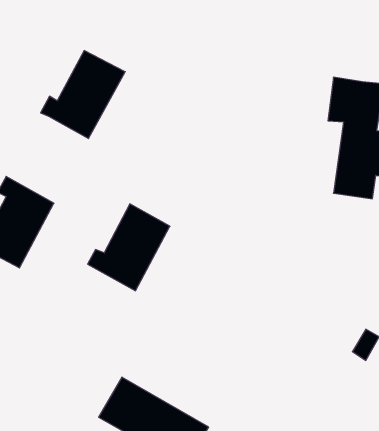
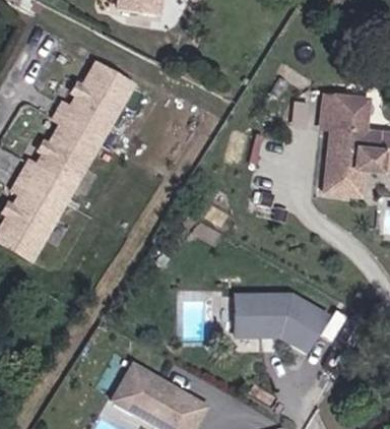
building: [88,204,170,291] -> [23,122,99,201]
building: none -> [235,295,325,350]

